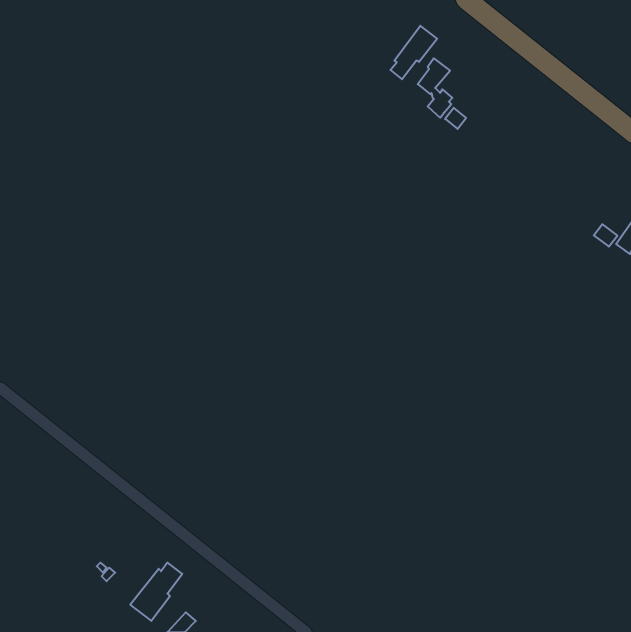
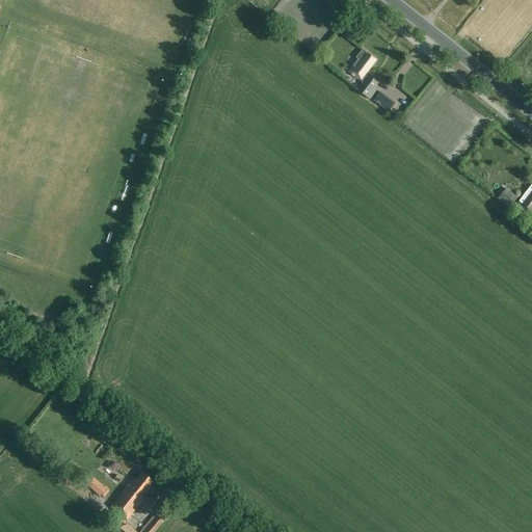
building: [390,26,437,79] -> none

